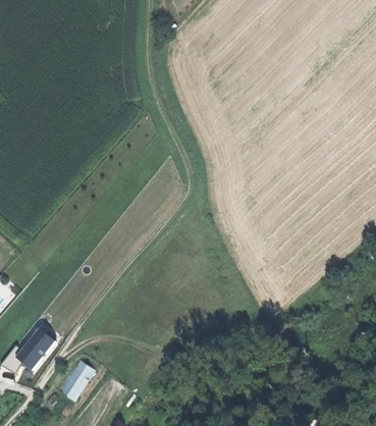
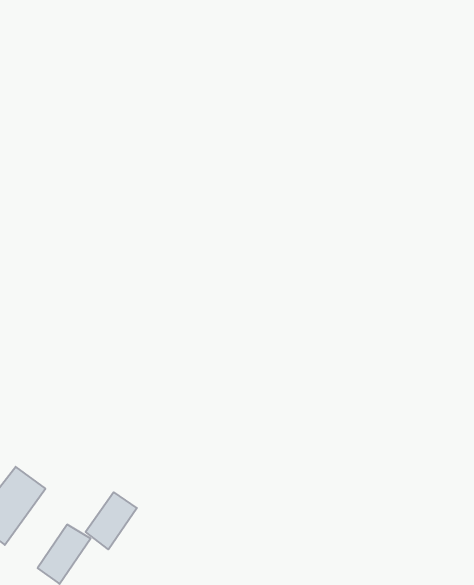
building: none -> [86,492,137,549]

